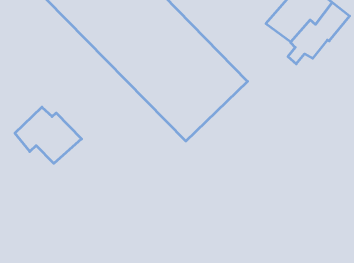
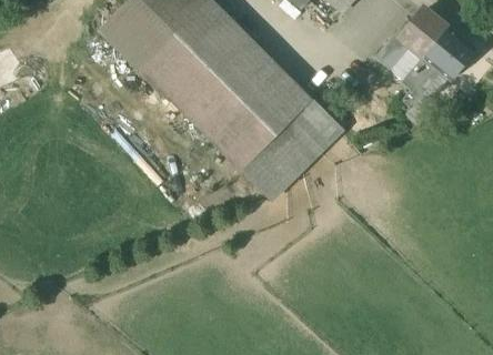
building: [15,107,82,163] -> none

